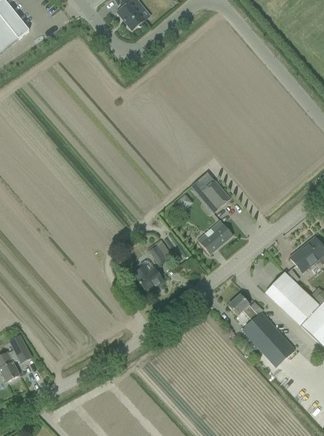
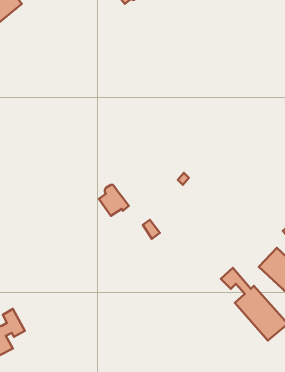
building: [198,179,230,211] -> none
building: [198,219,233,253] -> none
building: [134,259,164,290] -> [99,185,129,216]

